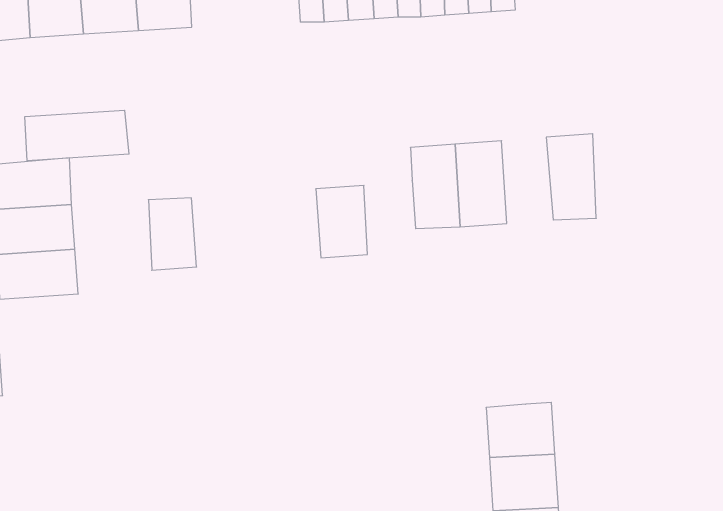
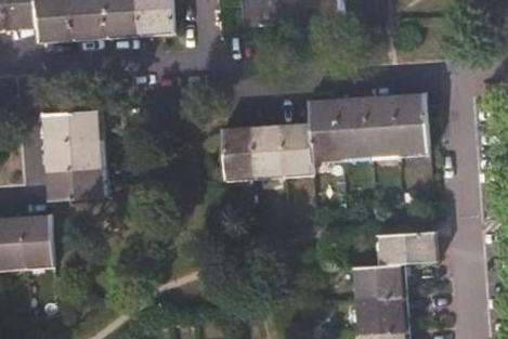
building: [25,110,129,161] -> none
building: none -> [366,99,399,153]
building: none -> [279,126,312,172]
building: [148,198,197,270] -> [222,131,252,177]
building: none -> [380,232,431,266]

